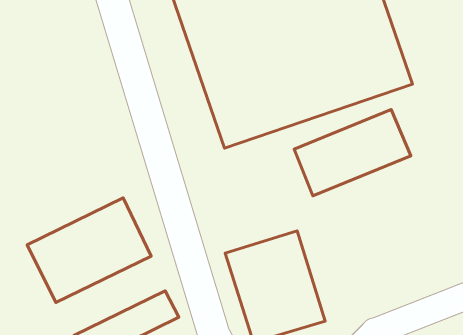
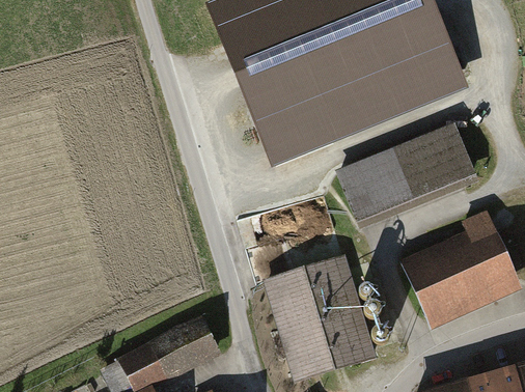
building: none -> [404,211,515,313]
building: [27,198,151,302] -> none

